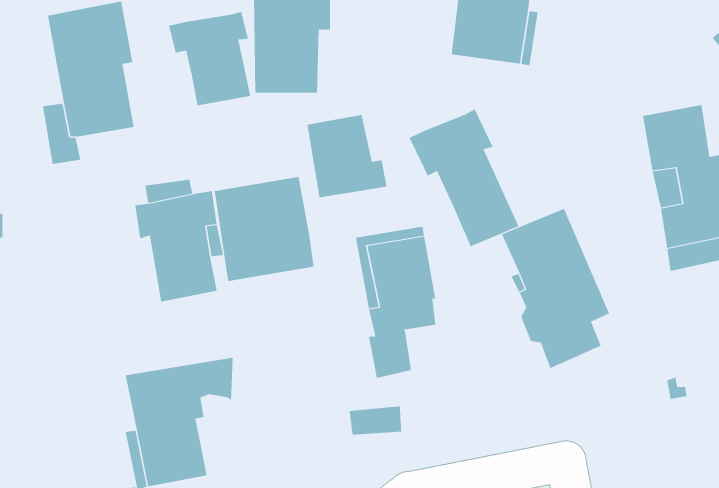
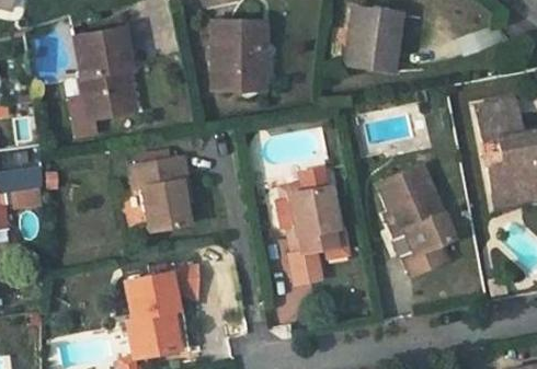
building: [168,11,251,106] -> none
building: [409,108,519,247] -> none
building: [307,114,387,198] -> none
building: [214,176,314,282] -> none

